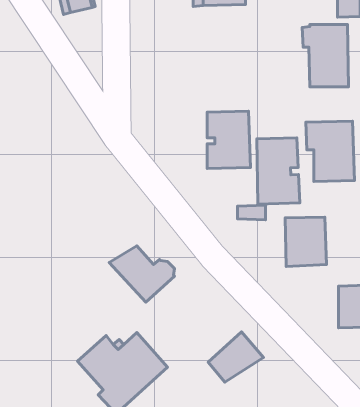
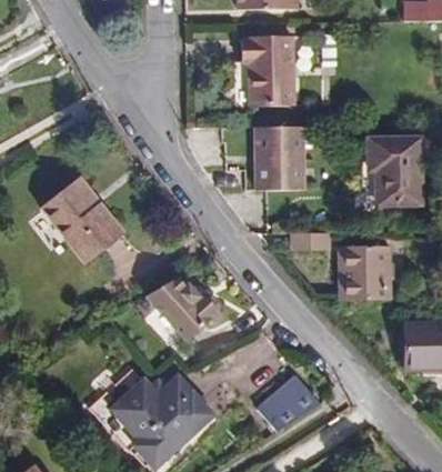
building: [302,24,349,87] -> [240,34,292,104]
building: [257,138,300,204] -> none
building: none -> [39,177,124,264]

